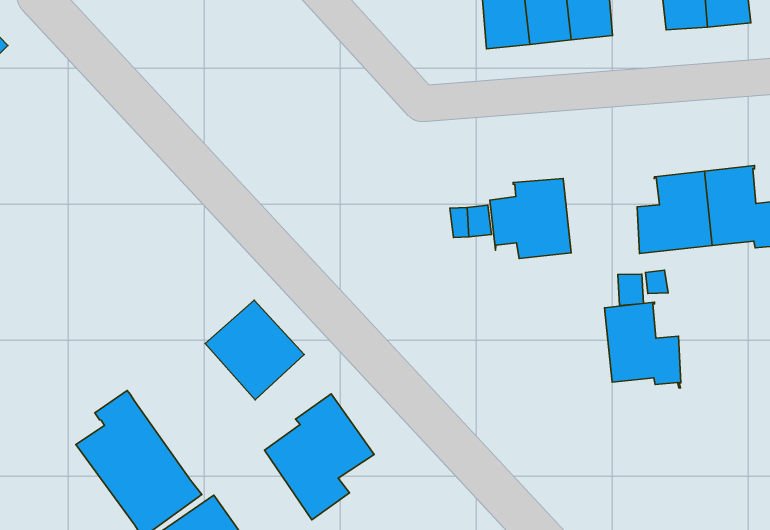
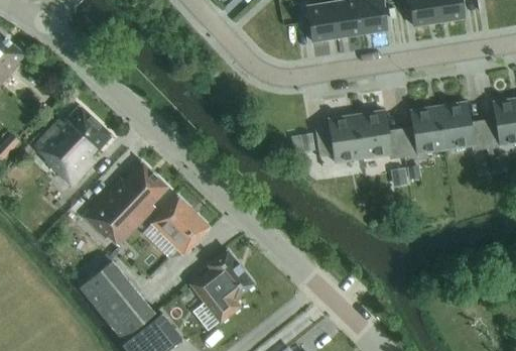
building: none -> [33,105,113,187]
building: none -> [84,161,168,244]
building: [604,302,681,388] -> [357,110,404,159]

